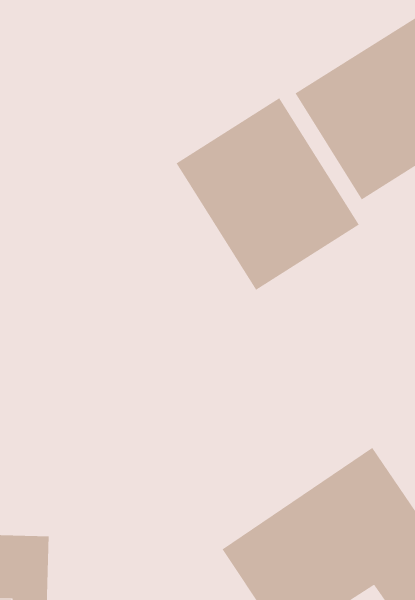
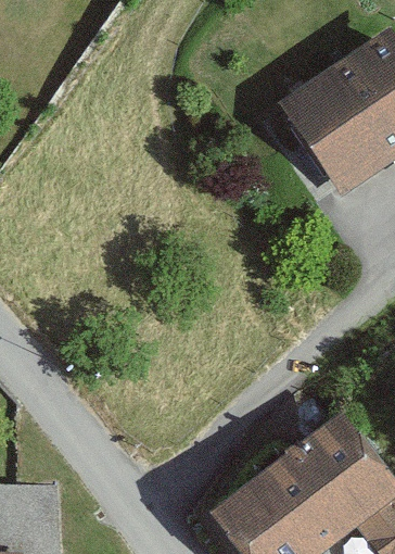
building: [175,97,360,291] -> none

